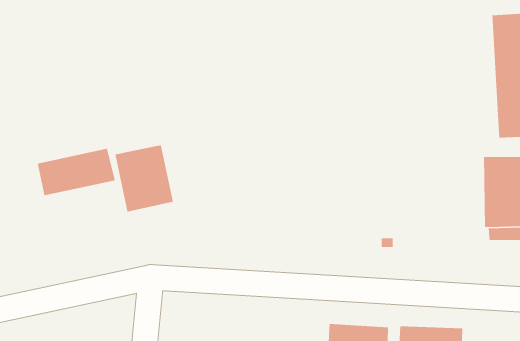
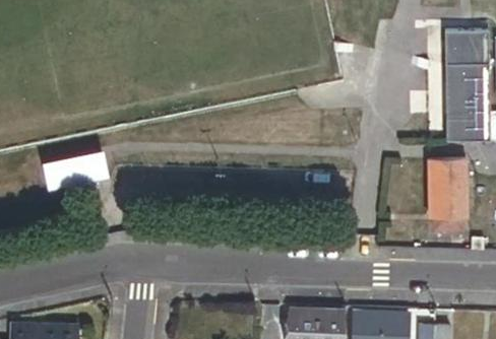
building: [114,144,174,213] -> none

